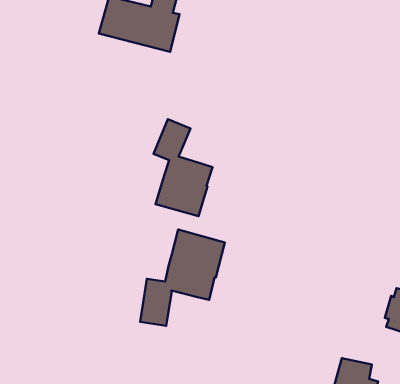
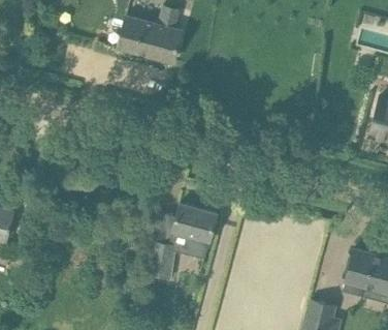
building: [153,119,213,216] -> none

